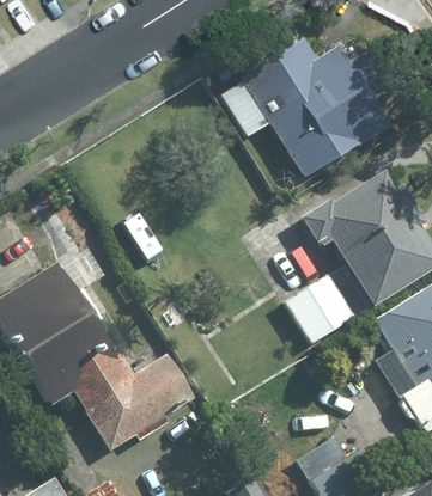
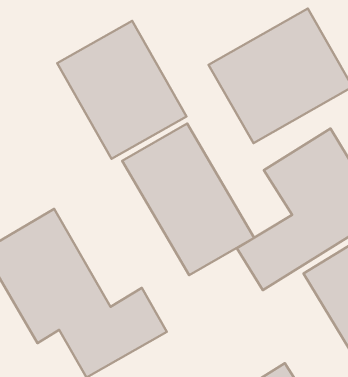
building: none -> [57,21,187,159]
building: none -> [122,123,254,275]

